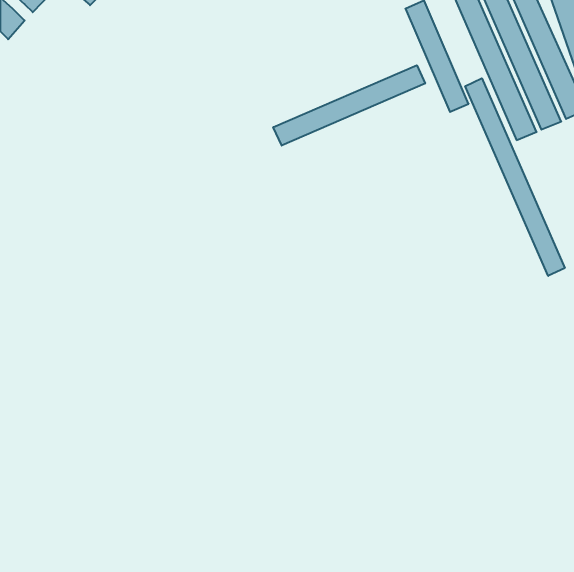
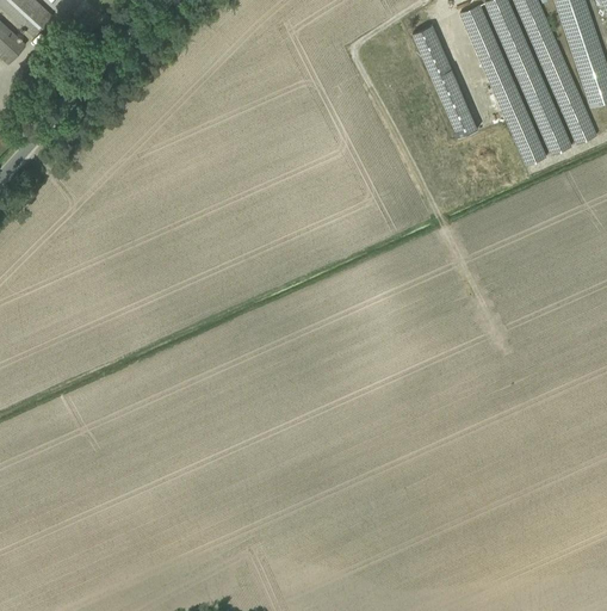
building: [273,65,425,146] -> none
building: [465,78,565,276] -> none

